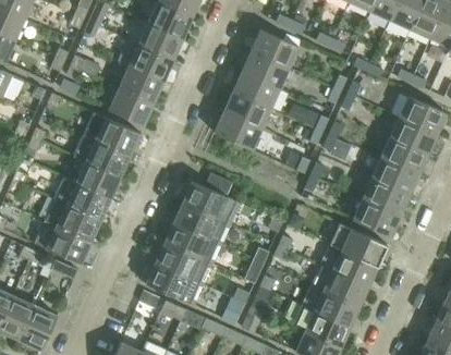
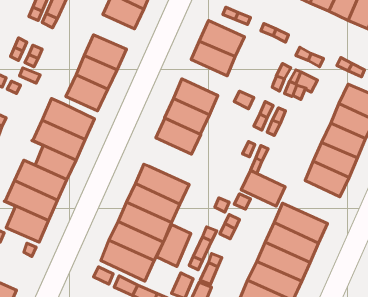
building: [138,22,182,59] -> none
building: [232,70,280,108] -> [156,118,201,154]
building: [353,198,400,236] -> [241,170,285,206]
building: none -> [157,224,191,266]

